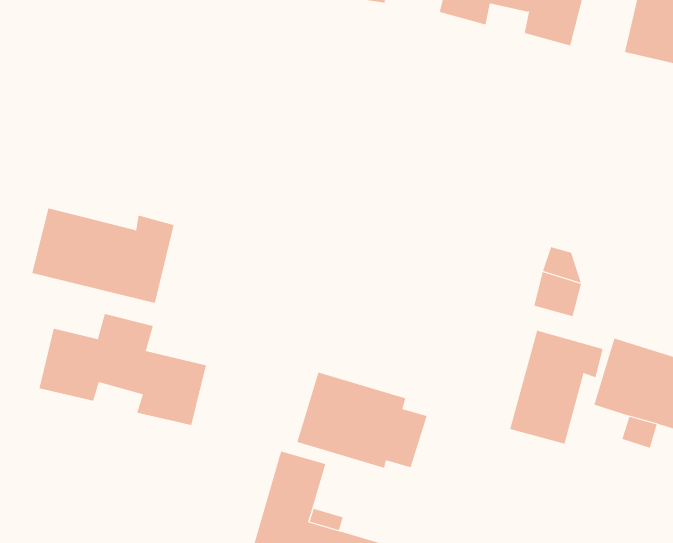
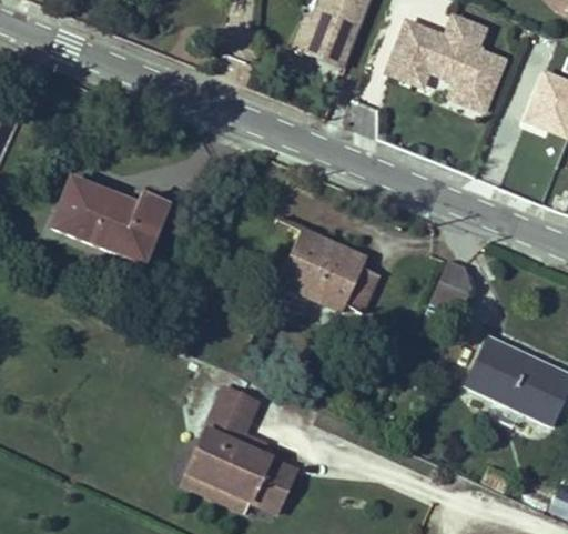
building: [39,313,206,426] -> none
building: [510,330,603,444] -> none
building: [296,372,428,468] -> [278,229,381,311]

